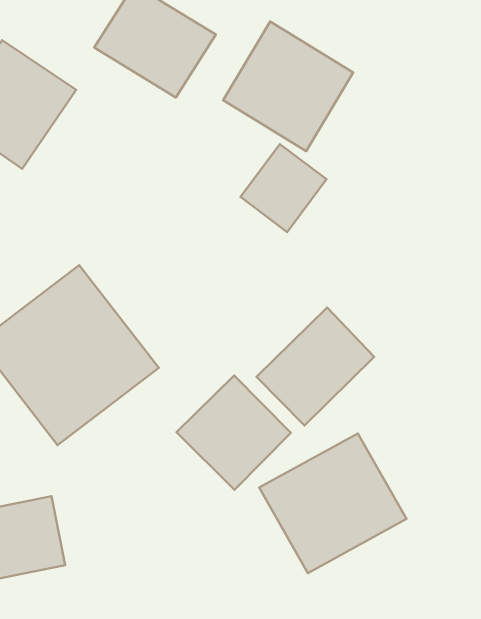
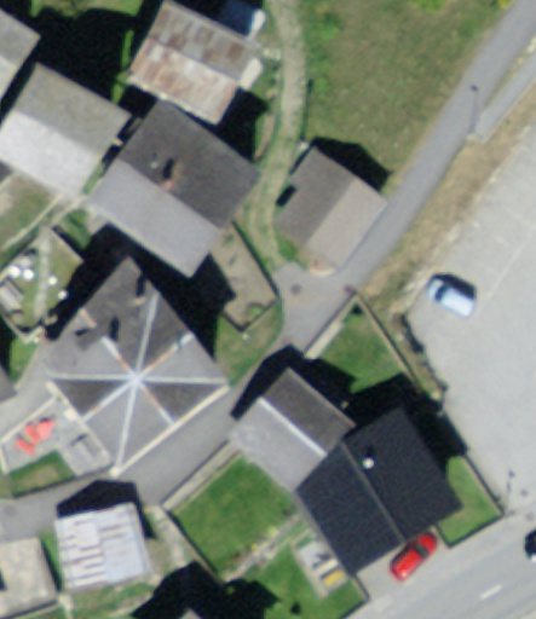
building: [223,22,353,151] -> none
building: none -> [96,105,248,254]
building: [256,308,374,426] -> none

